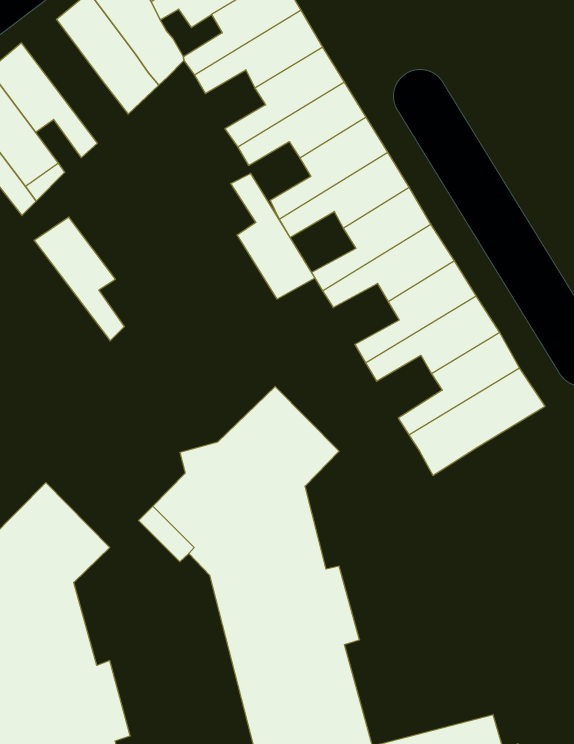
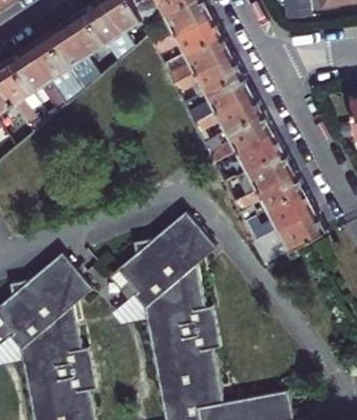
building: [231,173,315,299] -> none
building: [34,217,124,341] -> [64,13,108,79]

